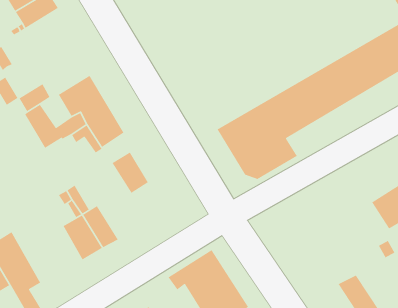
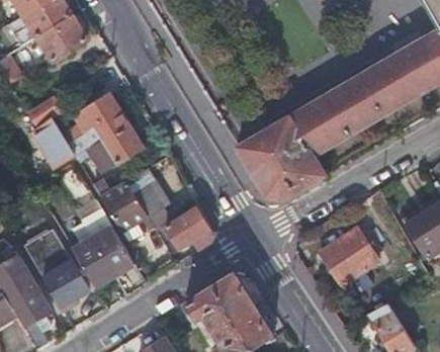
building: none -> [33,15,82,62]
building: none -> [91,179,146,242]
building: none -> [165,209,211,252]
building: none -> [322,228,378,283]
building: none -> [26,236,87,313]

